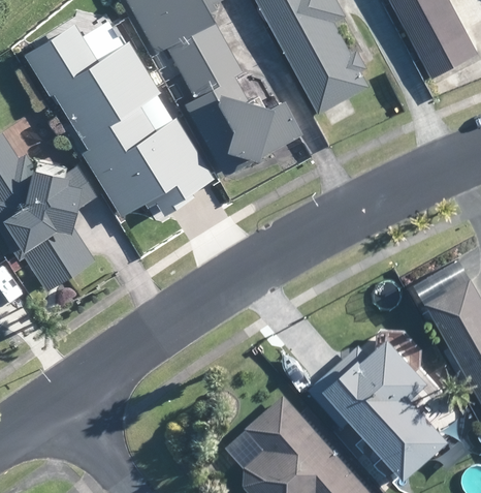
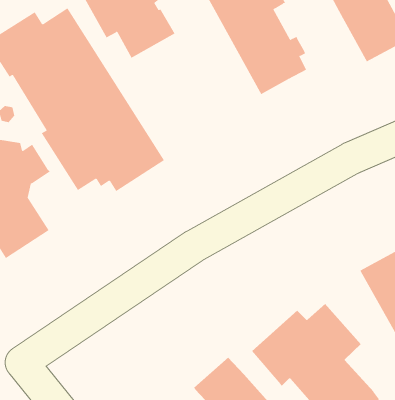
building: [179,47,297,173] -> none

